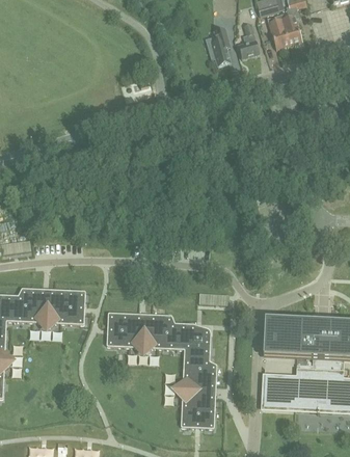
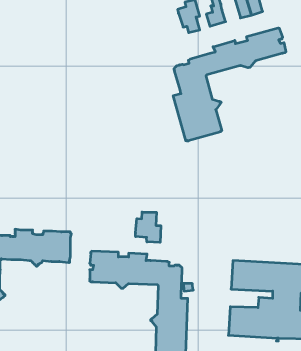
building: none -> [173,28,286,141]
building: none -> [136,212,161,242]

